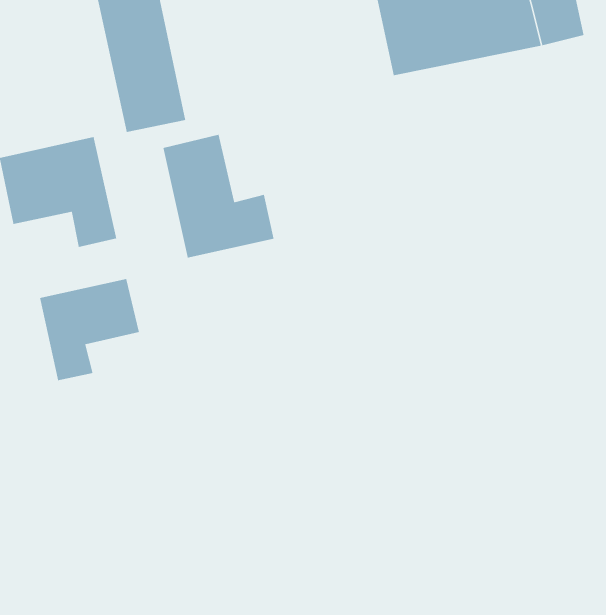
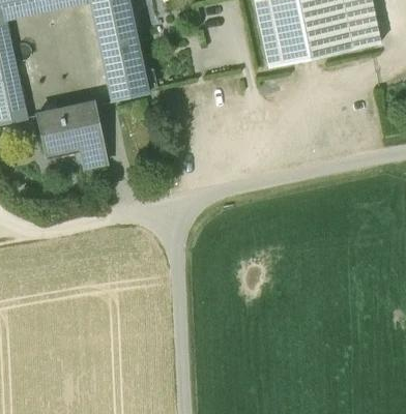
building: [162,134,274,258] -> none
building: [39,278,140,381] -> none

